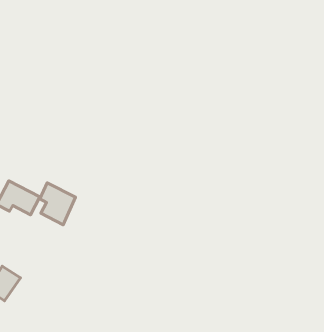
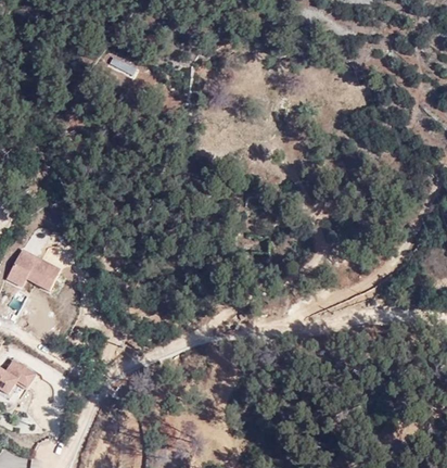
building: [40,183,76,225] -> none

